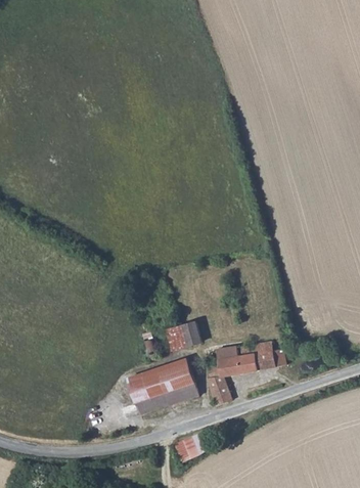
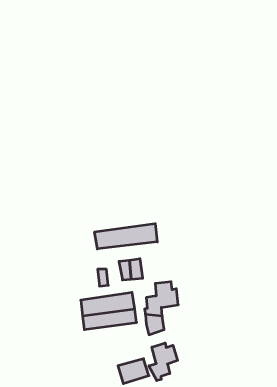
building: none -> [95,224,157,249]
building: [238,343,283,374] -> none
building: none -> [149,343,178,381]

